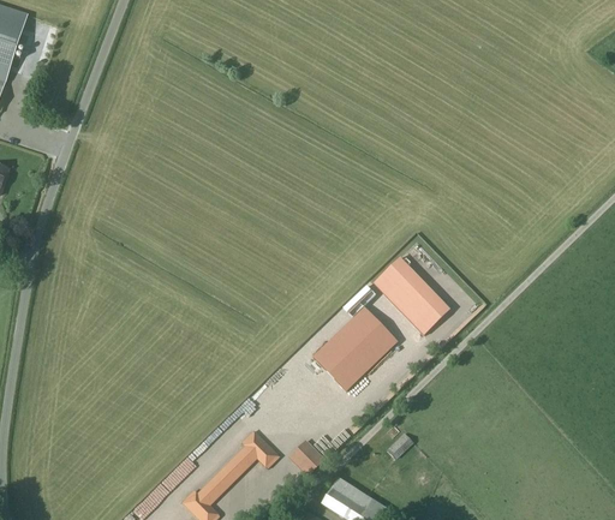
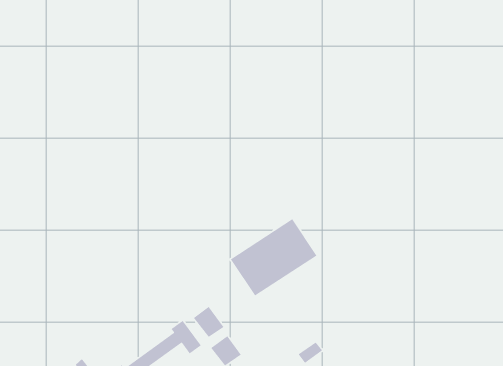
building: [372,258,449,335] -> none
building: none -> [193,306,225,338]

